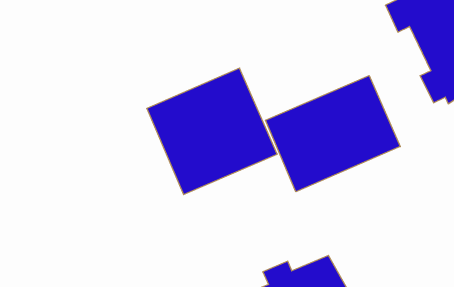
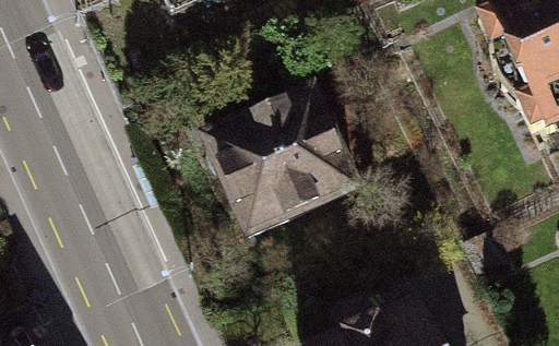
building: [265,76,400,192] -> none

